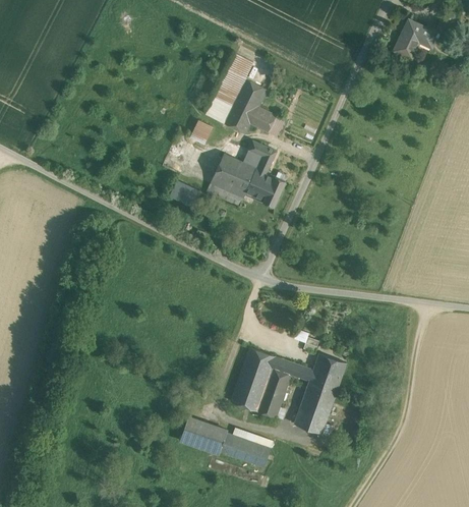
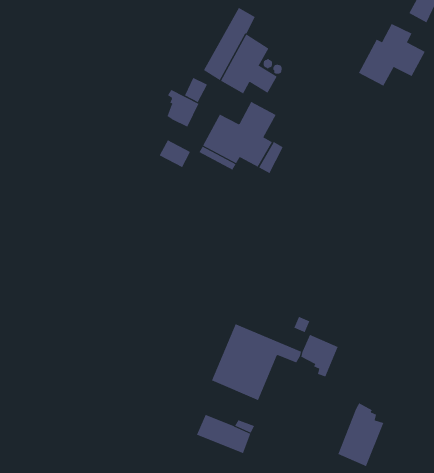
building: none -> [358,23,426,87]
building: none -> [167,89,199,127]
building: [294,375,336,434] -> [337,403,384,467]
building: [180,416,227,454] -> none

